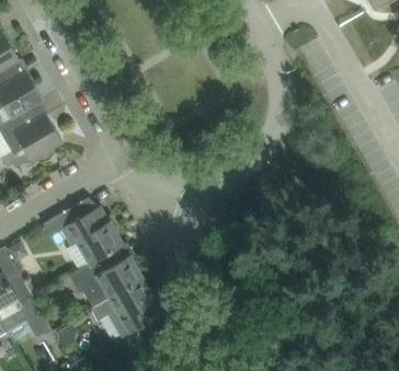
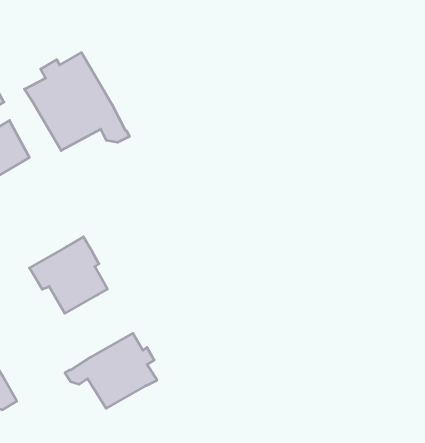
building: none -> [24,53,129,151]
building: [69,250,142,308] -> none

